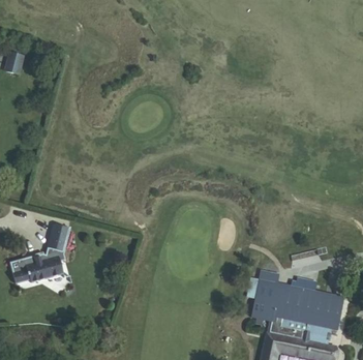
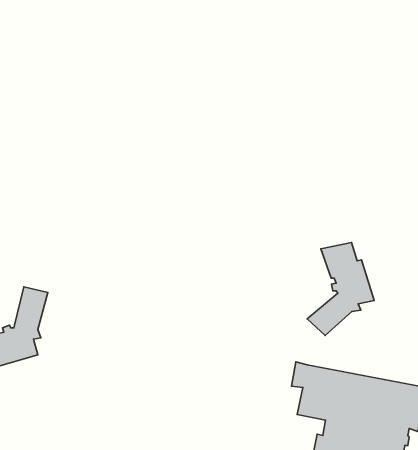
building: none -> [307,242,374,336]

